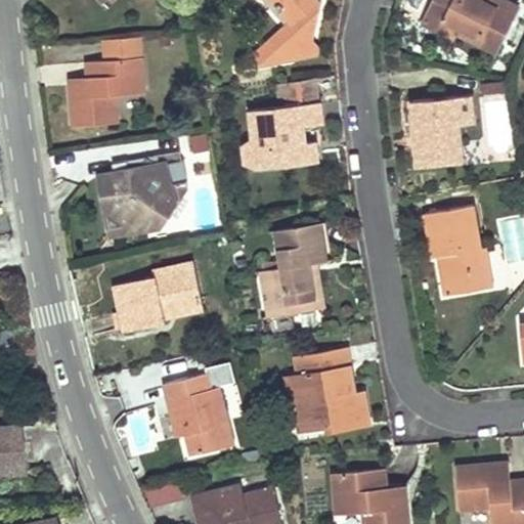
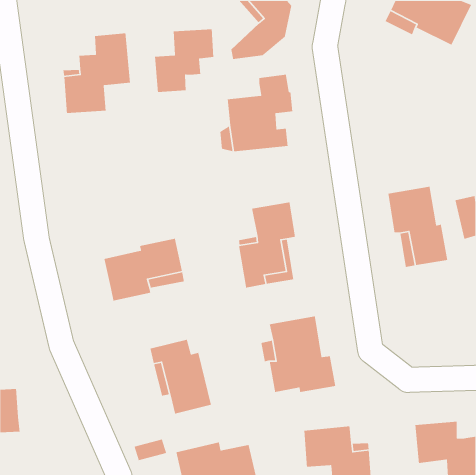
building: none -> [154,29,214,93]
building: [410,95,475,167] -> none
building: [96,151,186,235] -> none

